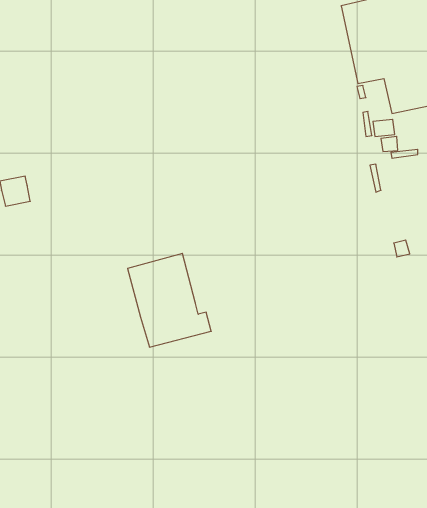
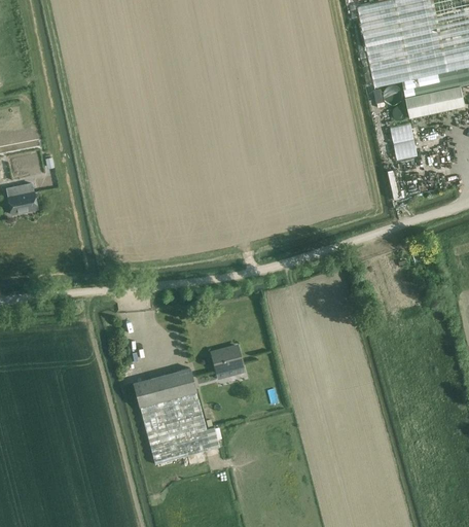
building: [128,253,211,347] -> [133,366,219,463]
building: none -> [211,345,243,372]

